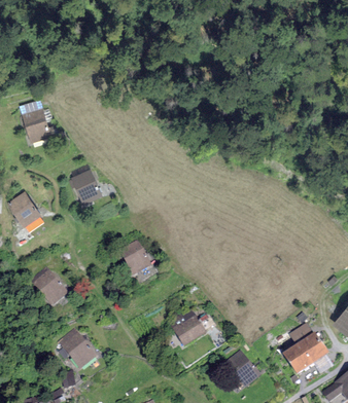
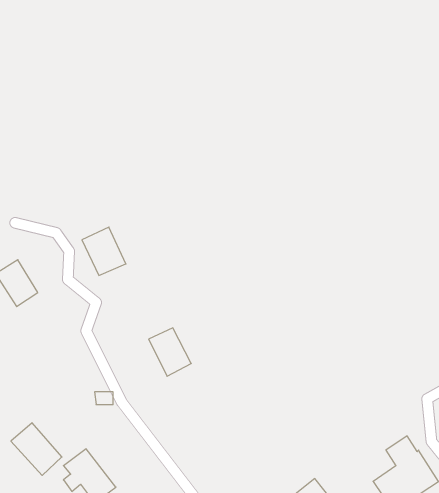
building: [22,108,50,142] -> none
building: [30,268,67,306] -> [11,423,62,475]
building: [169,309,205,347] -> none

